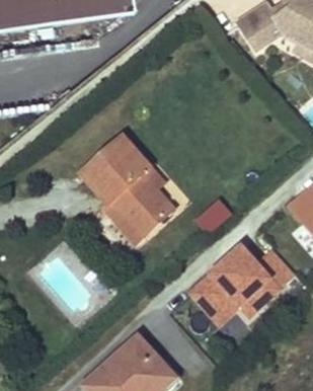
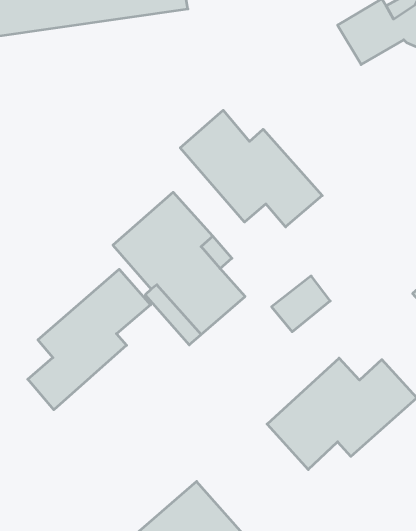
building: none -> [180,110,322,227]
building: none -> [28,269,151,410]

